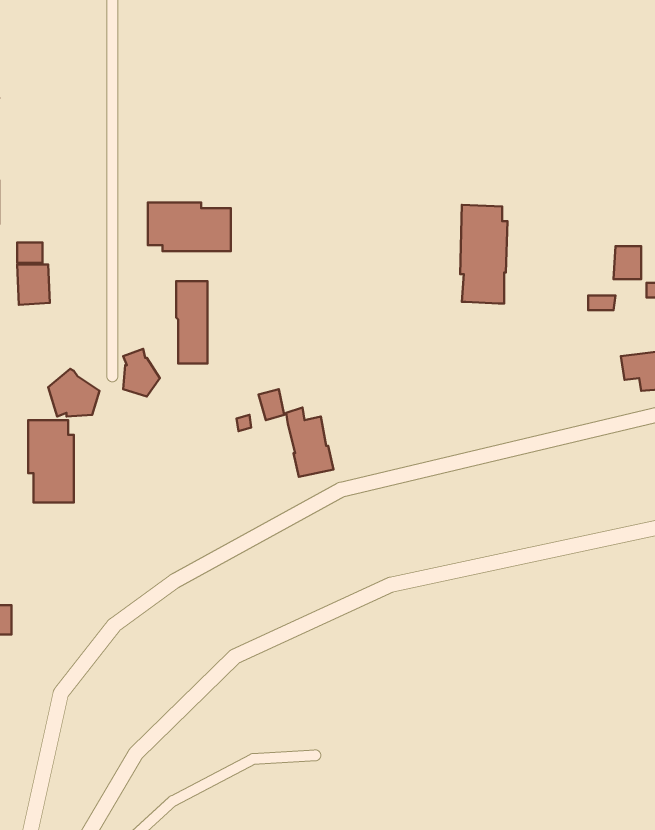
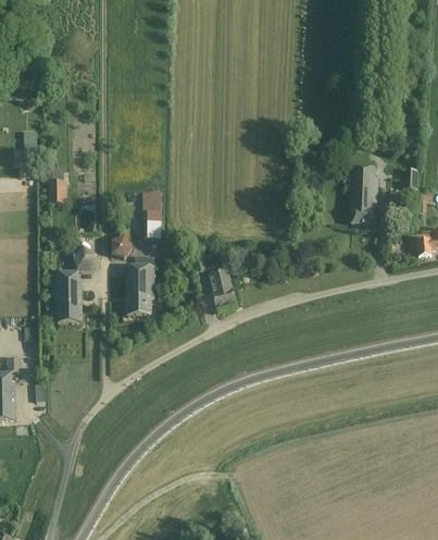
building: [148,202,231,251] -> none
building: [460,205,508,304] -> [350,167,378,225]
building: none -> [127,256,153,316]

